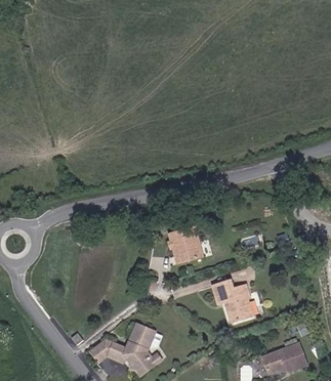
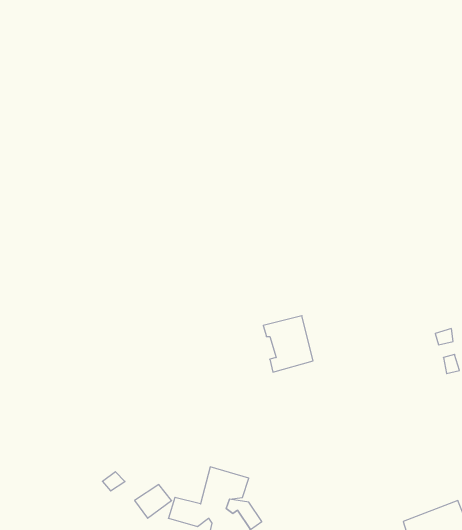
building: [213,281,254,323] -> none

